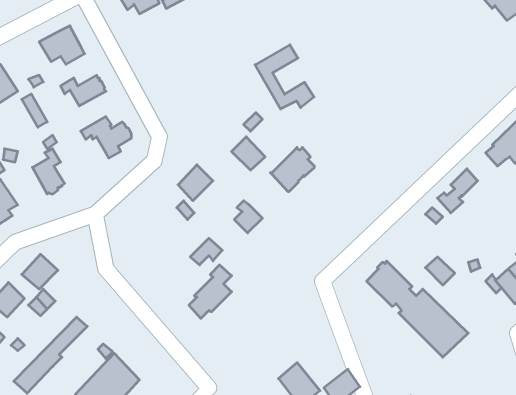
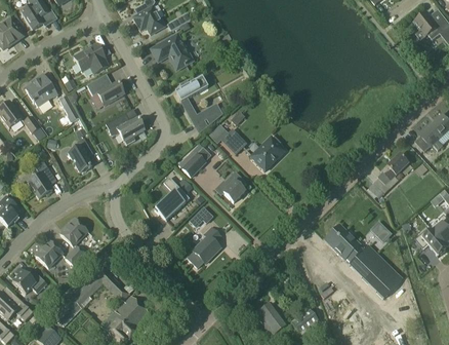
building: none -> [151,34,193,70]
building: [255,45,314,109] -> [174,76,219,125]
building: none -> [151,186,181,216]

